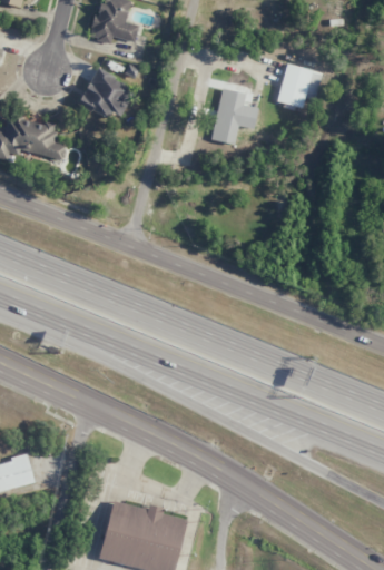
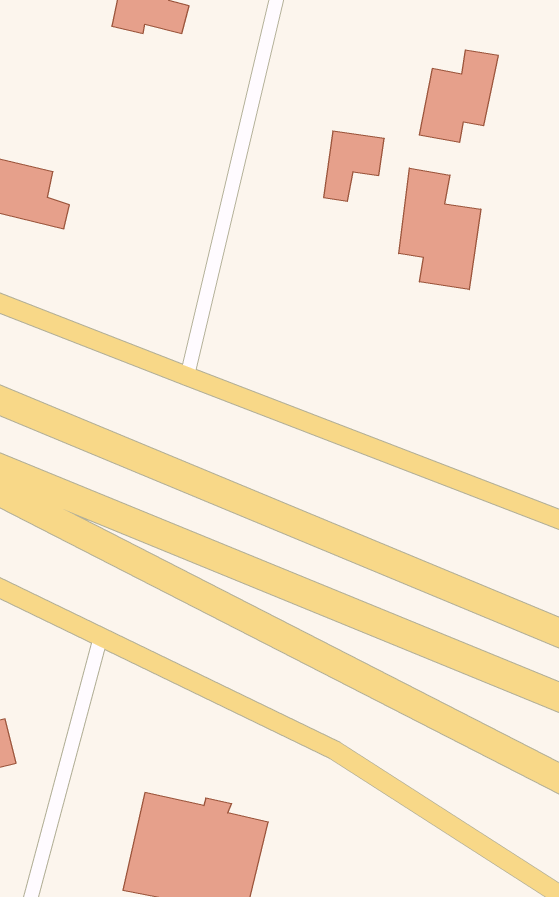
building: [79,70,134,118] -> none
building: none -> [399,168,481,290]

